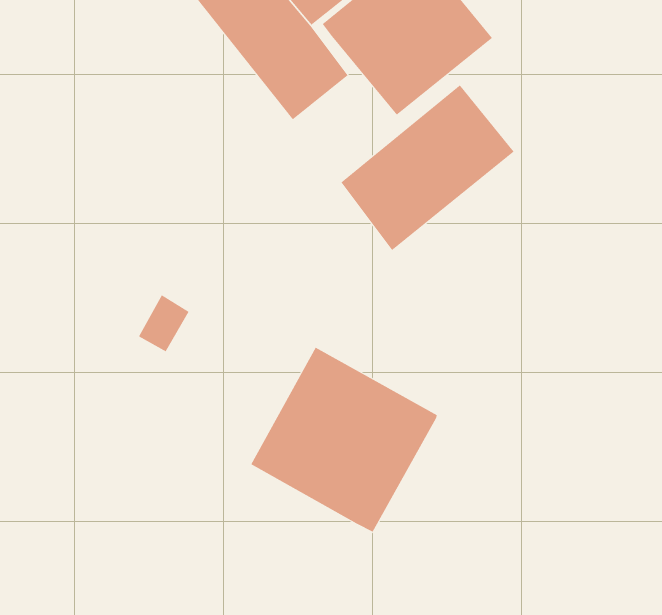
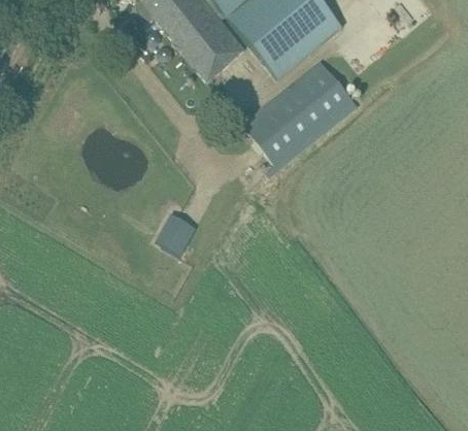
building: [138,295,189,352] -> [161,217,195,255]
building: [251,347,438,533] -> none

